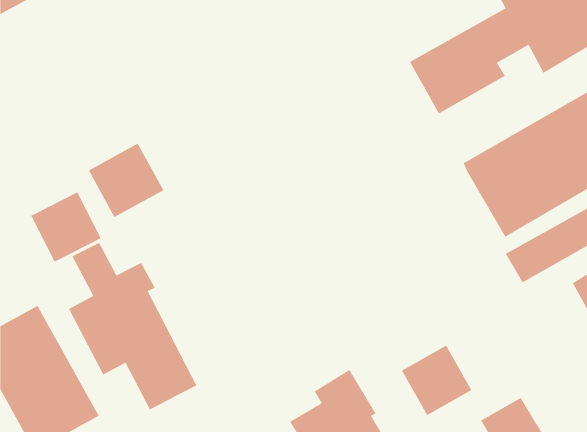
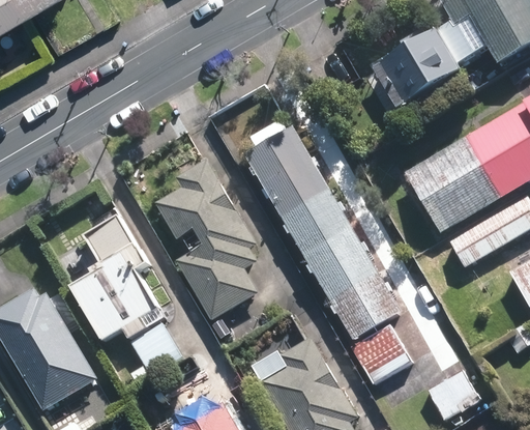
building: none -> [244,122,403,337]
building: [88,143,164,218] -> none
building: none -> [160,163,264,325]
building: [31,192,101,263] -> none

